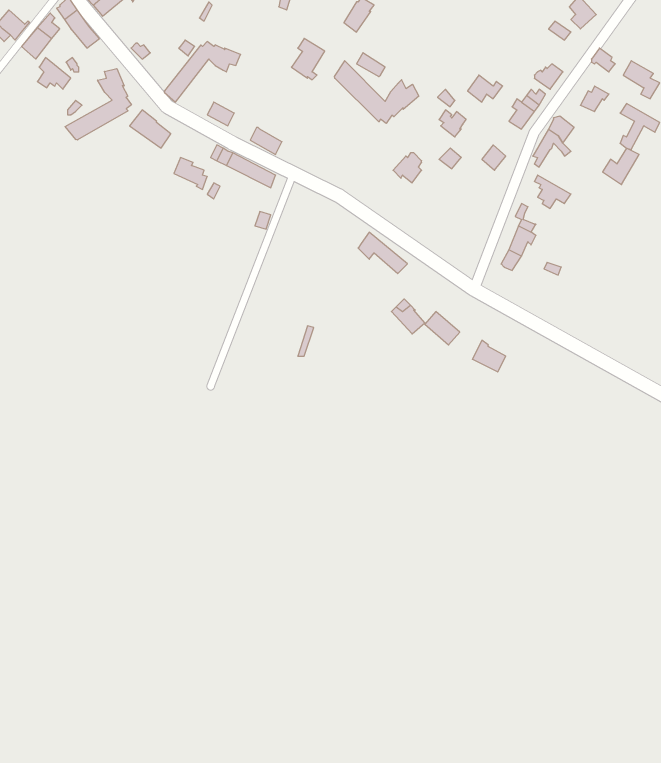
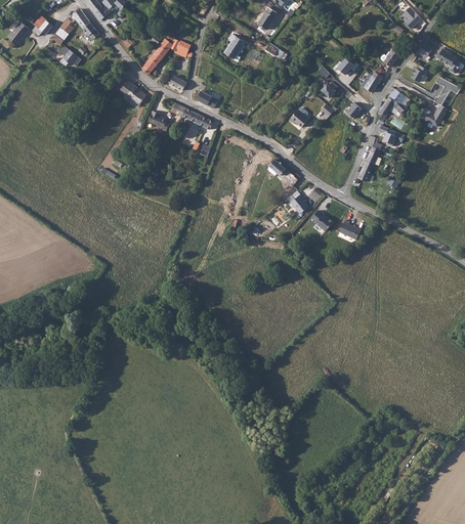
building: [334,61,419,123] -> none
building: [65,69,131,140] -> none

